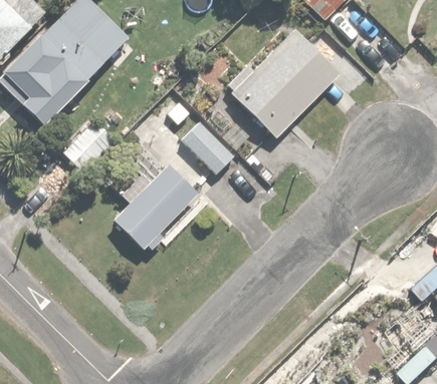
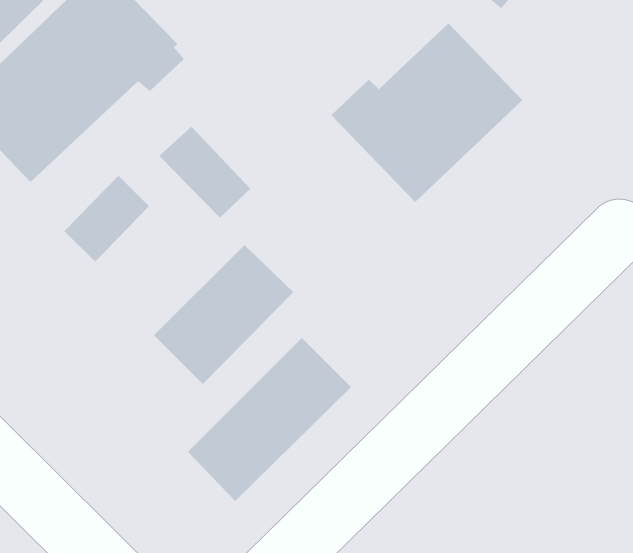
building: [180,120,236,176] -> [158,126,251,219]
building: none -> [187,337,352,502]

